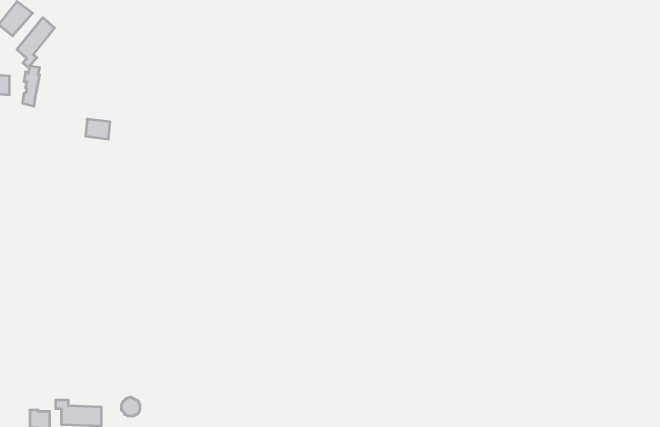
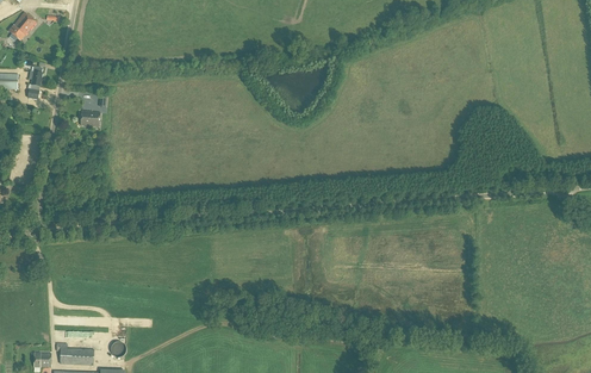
building: [17,18,55,68] -> none

